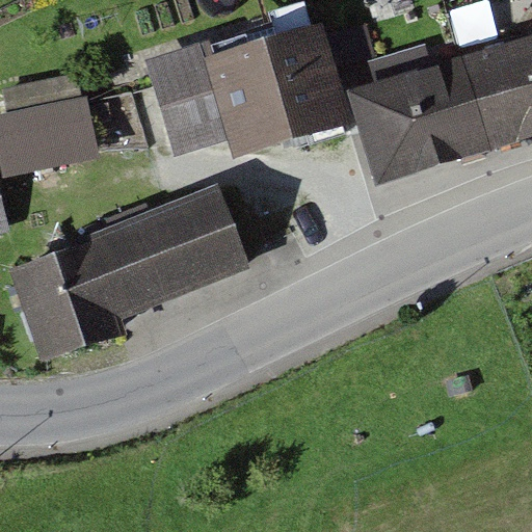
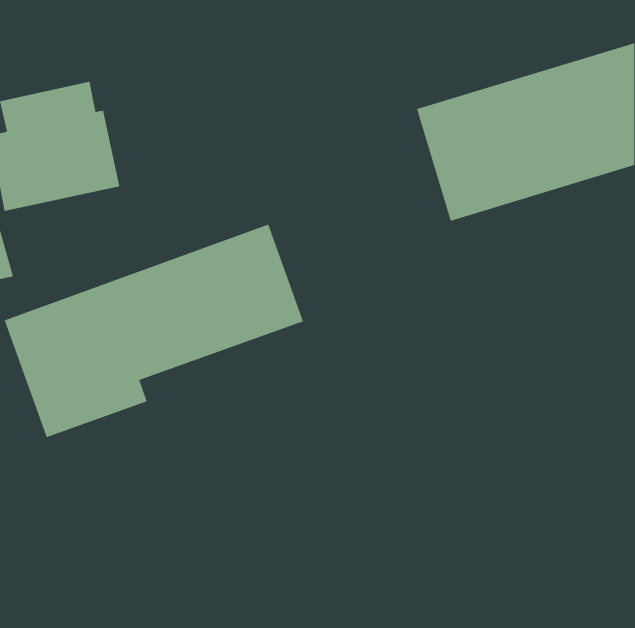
building: [143,21,352,159] -> none

